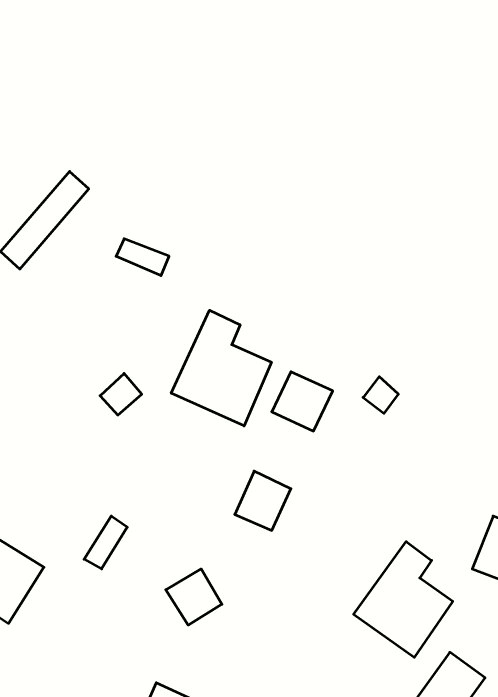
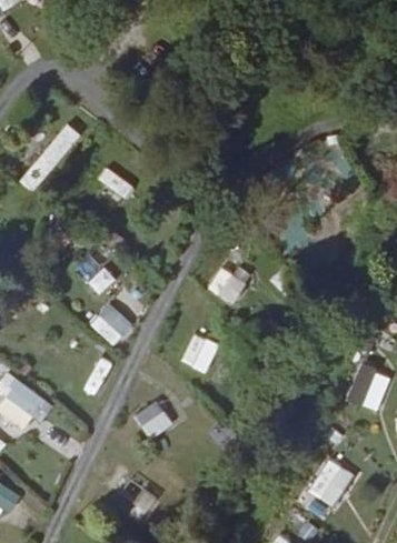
building: [171,310,271,426] -> none
building: none -> [91,302,135,345]
building: [354,542,453,657] -> none

